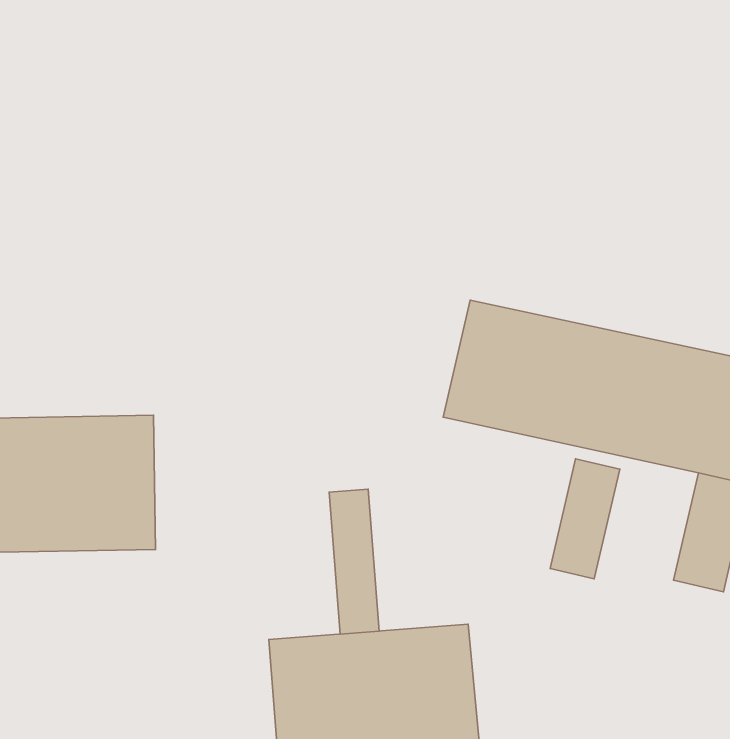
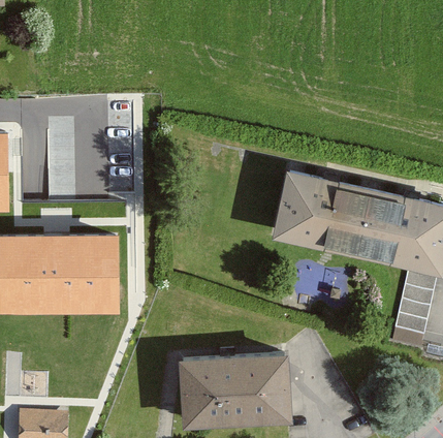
building: [550,459,620,579] -> none
building: [329,489,379,634] -> none

